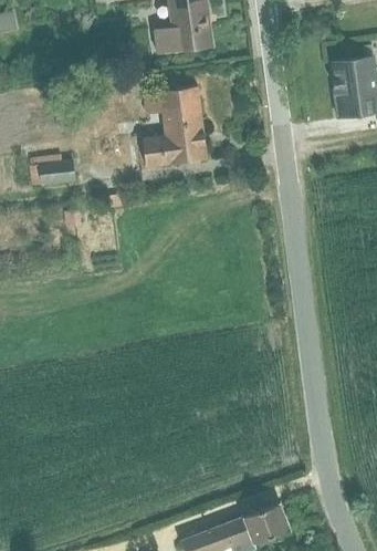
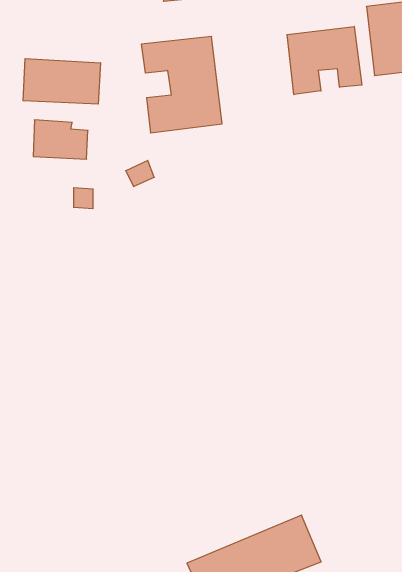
building: none -> [287,26,362,95]
building: none -> [23,59,100,104]

